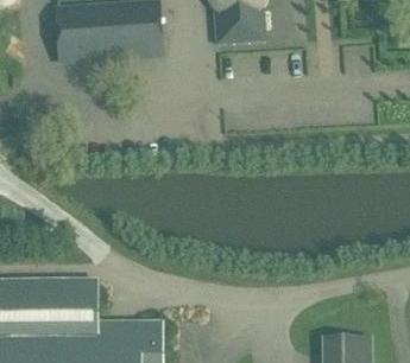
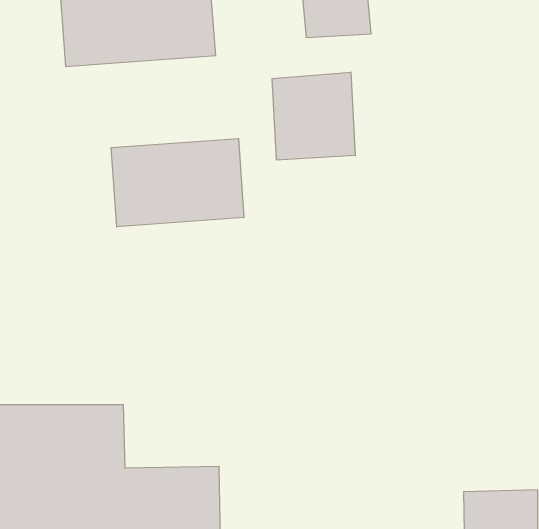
building: none -> [272,72,355,160]
building: none -> [111,138,244,227]

